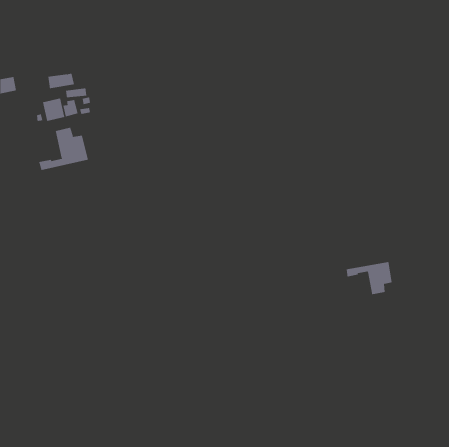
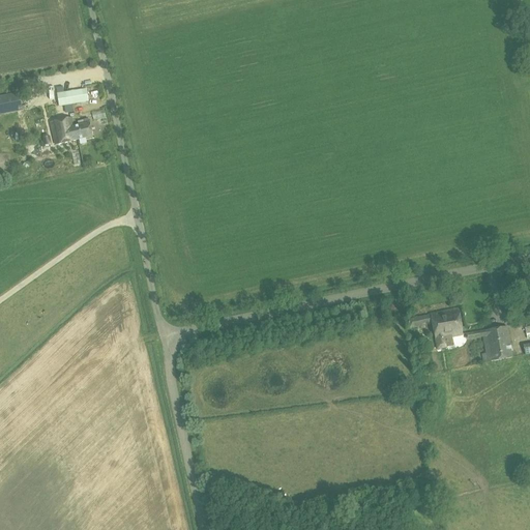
building: [38,127,88,171] -> none
building: none -> [465,323,512,359]

